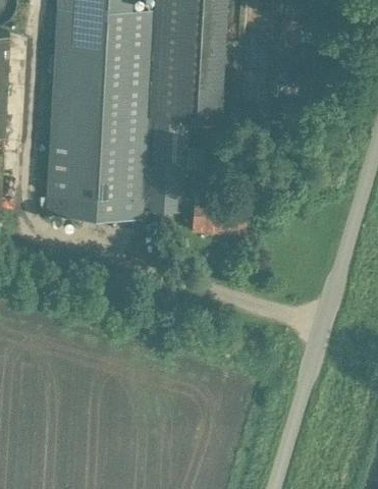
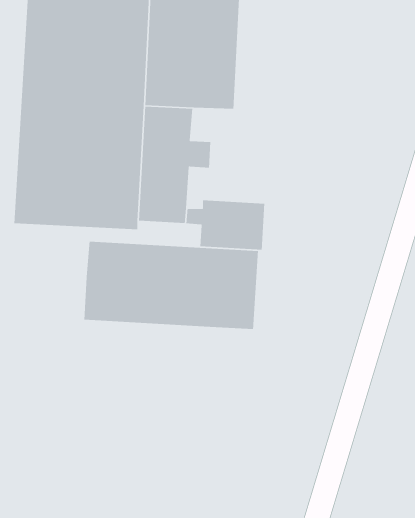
building: none -> [84,241,259,330]

